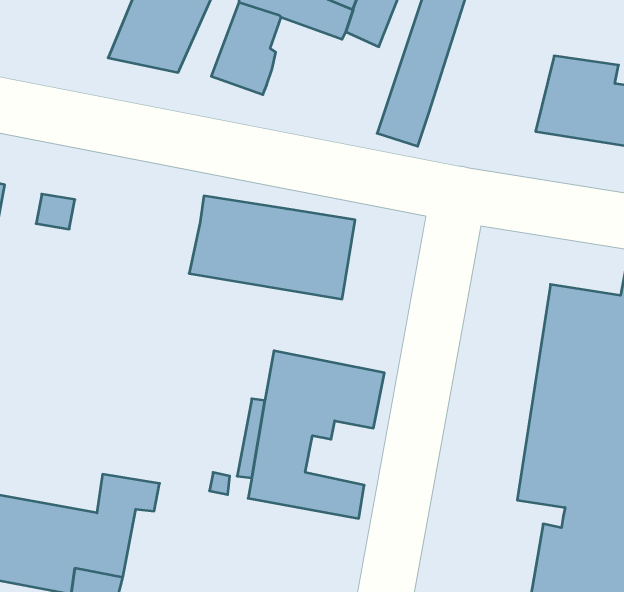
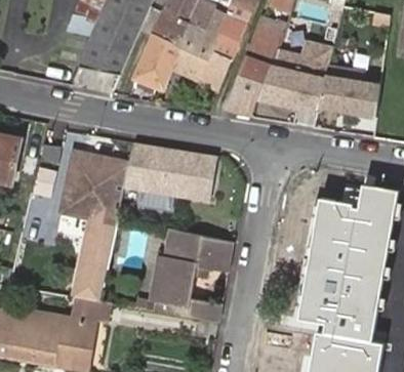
building: none -> [256,44,330,114]
building: none -> [168,46,229,93]
building: none -> [63,150,129,300]

